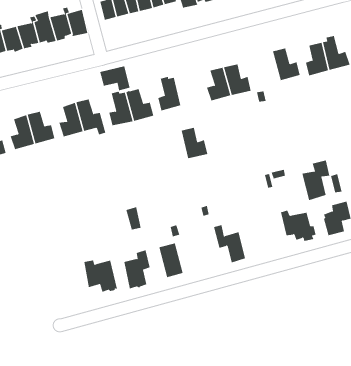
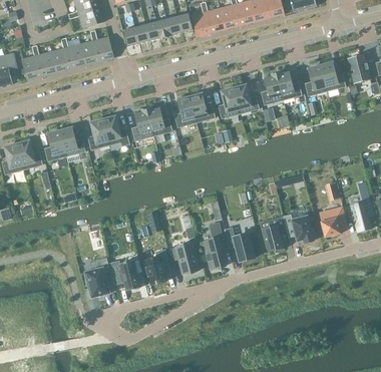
building: none -> [261,73,283,104]
building: [100,65,130,91] -> none
building: [181,127,208,159] -> [189,93,214,121]
building: [302,160,330,201] -> [261,216,286,252]
building: none -> [203,222,226,269]
building: none -> [80,257,109,298]

